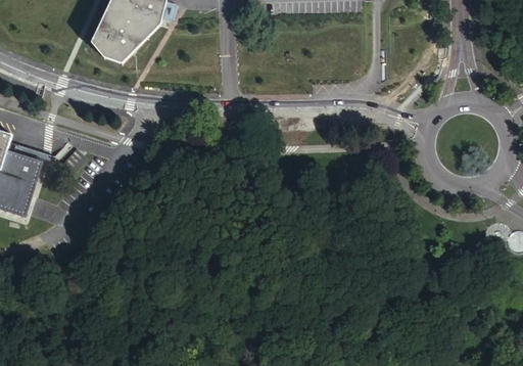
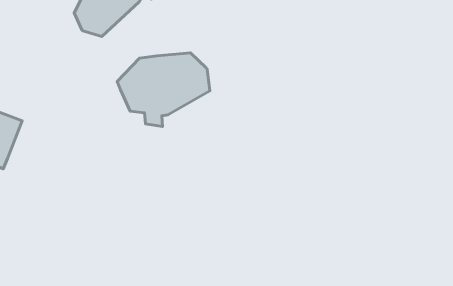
building: none -> [117,53,210,127]

